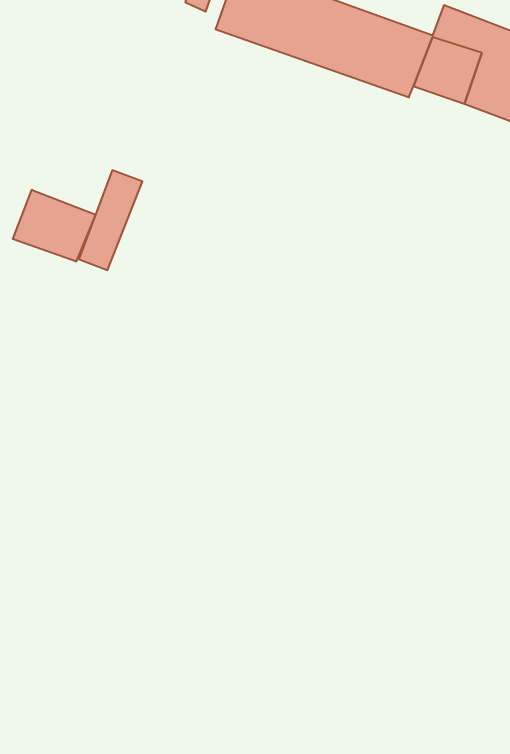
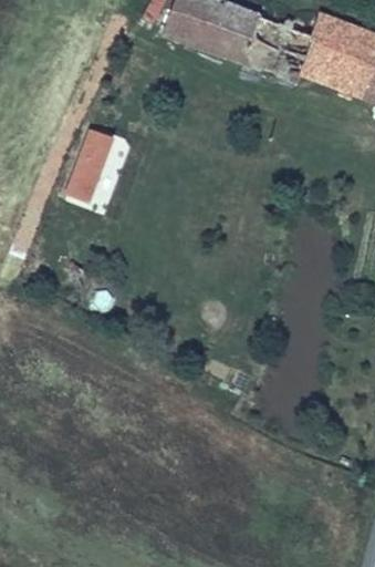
building: [13,190,96,262] -> none

